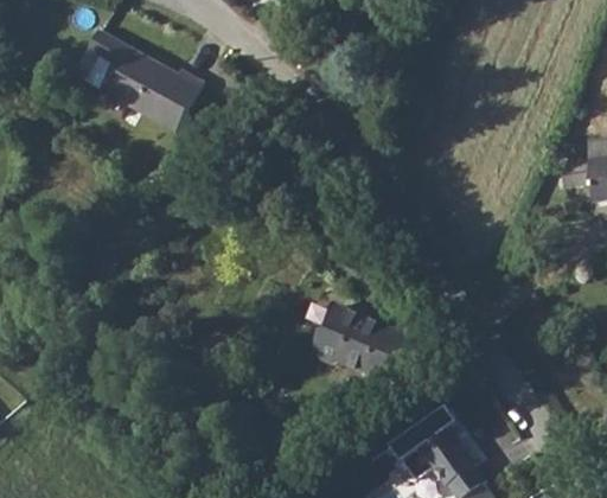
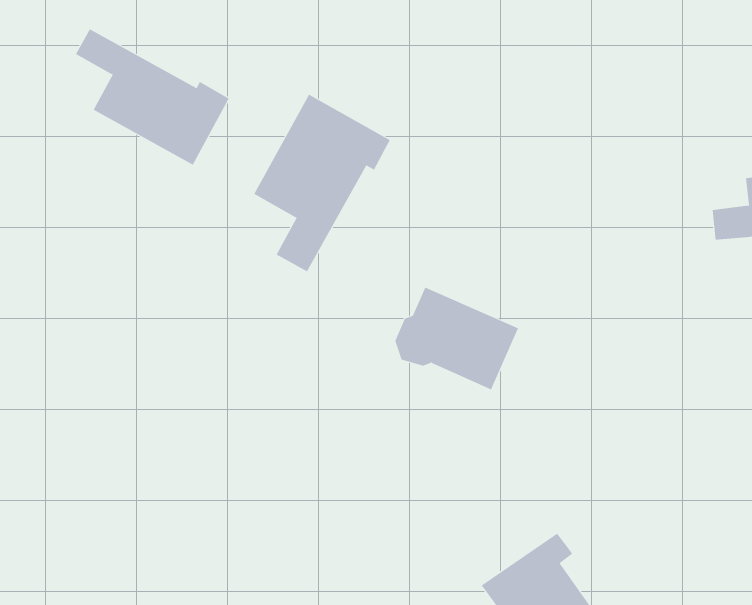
building: none -> [253,94,390,272]
building: [314,305,407,382] -> [395,287,519,390]

